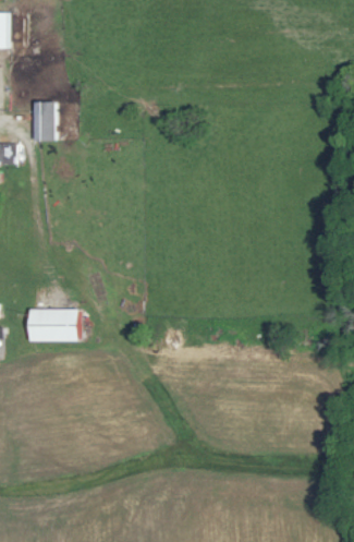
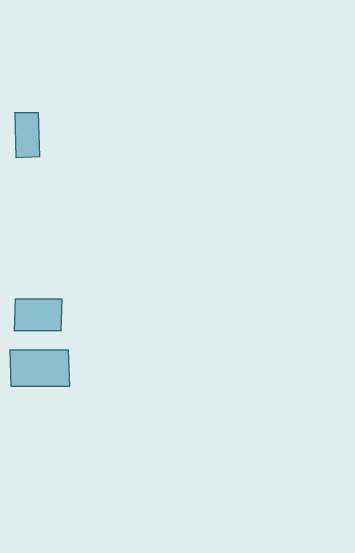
building: none -> [15,299,62,331]

